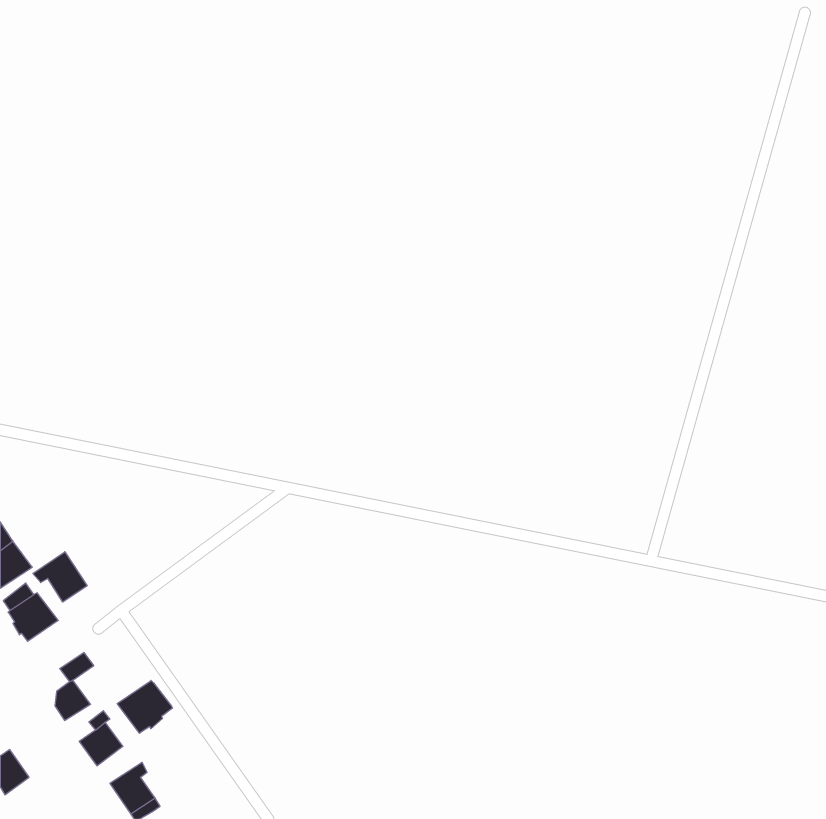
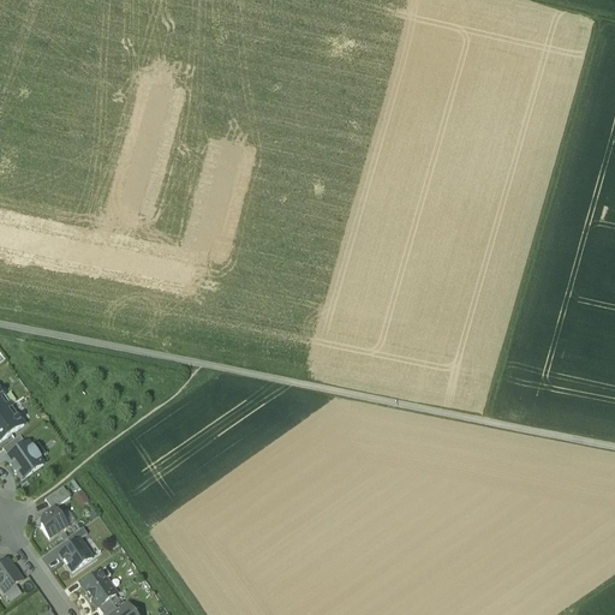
building: [33,552,87,602] -> none
building: [117,680,172,733] -> none

